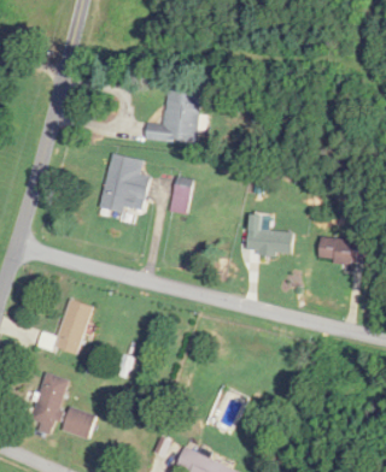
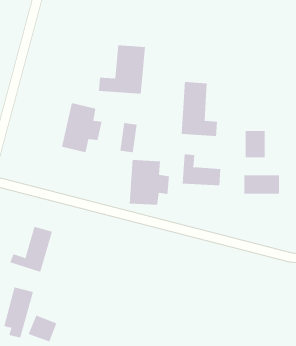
building: none -> [181,81,218,137]
building: none -> [245,130,265,158]
building: none -> [129,159,169,206]

